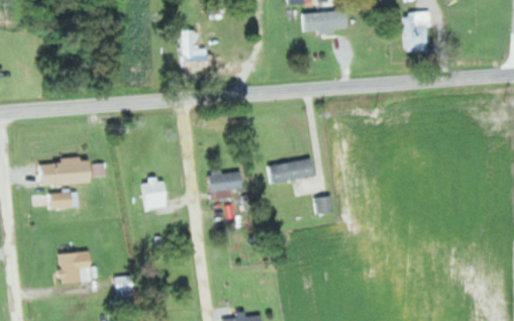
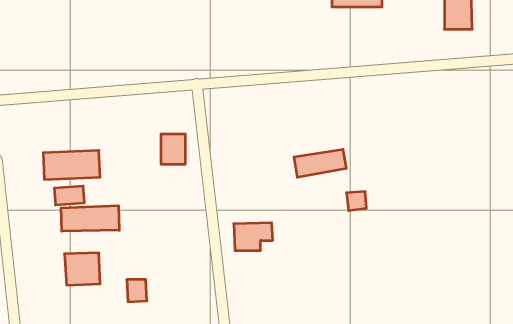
building: [180,32,209,68] -> none
building: [208,173,243,198] -> [234,223,273,250]
building: [143,181,166,208] -> [161,134,185,164]
building: none -> [61,206,119,231]

